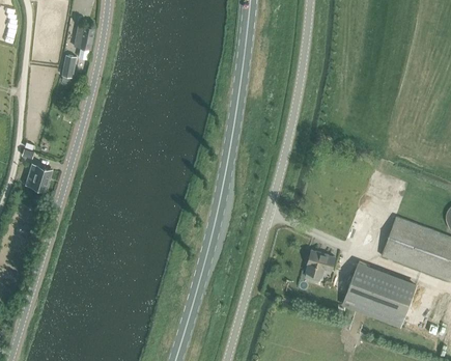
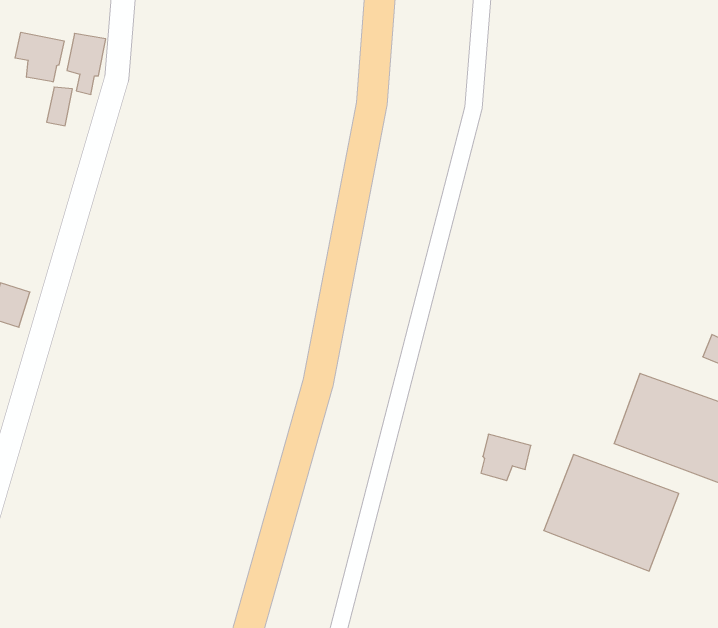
building: none -> [15,32,64,82]

